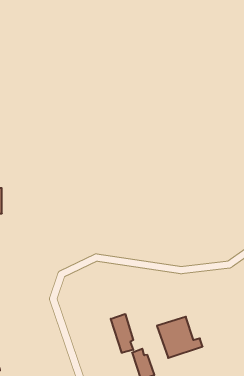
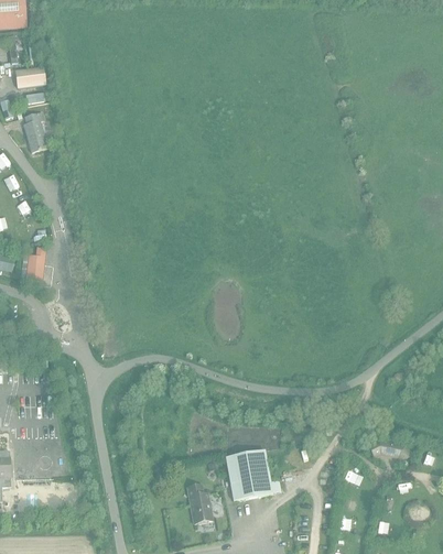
building: [111,314,133,353] -> none

